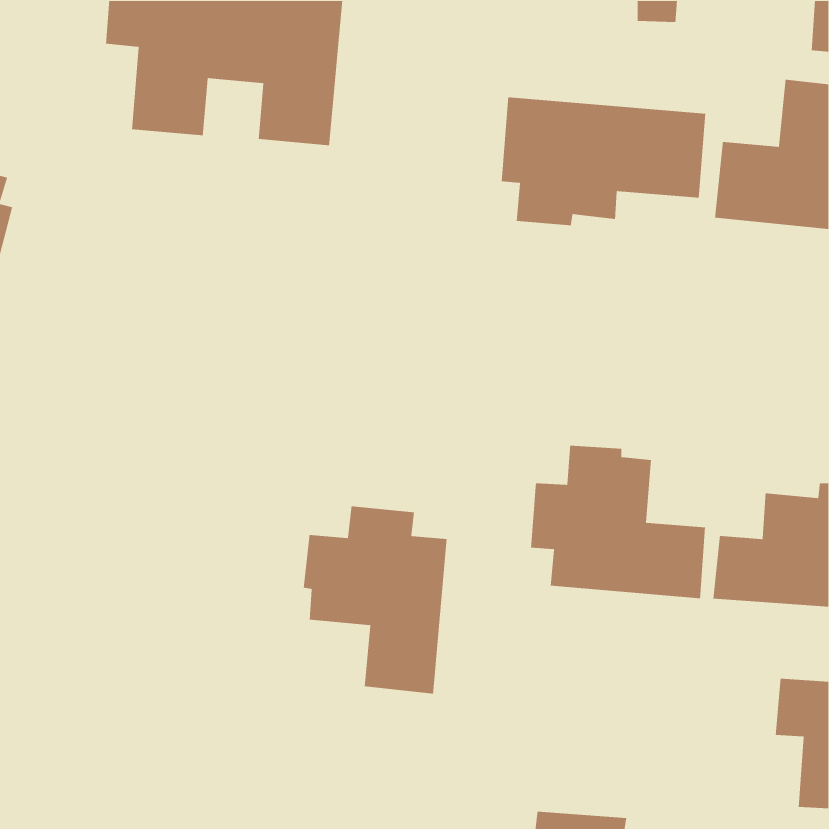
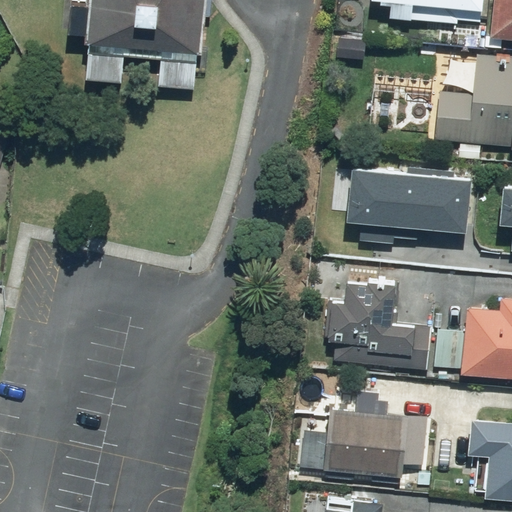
building: [501,97,706,226] -> [350,164,475,243]
building: [303,506,447,694] -> none
building: none -> [301,407,426,477]

